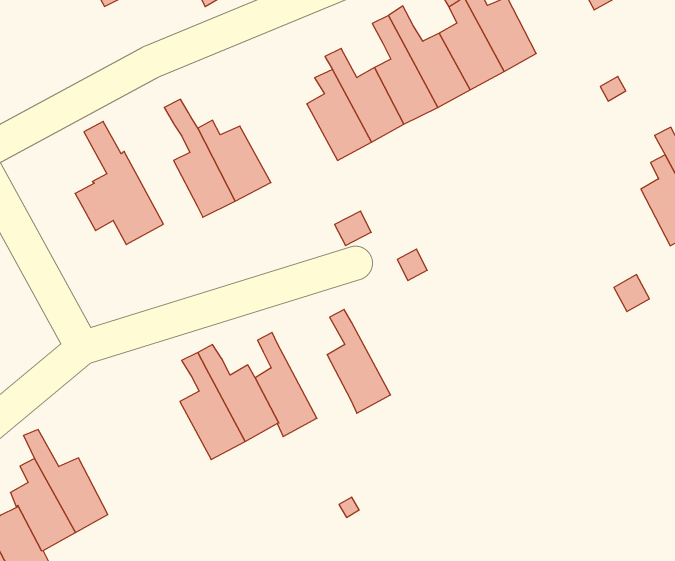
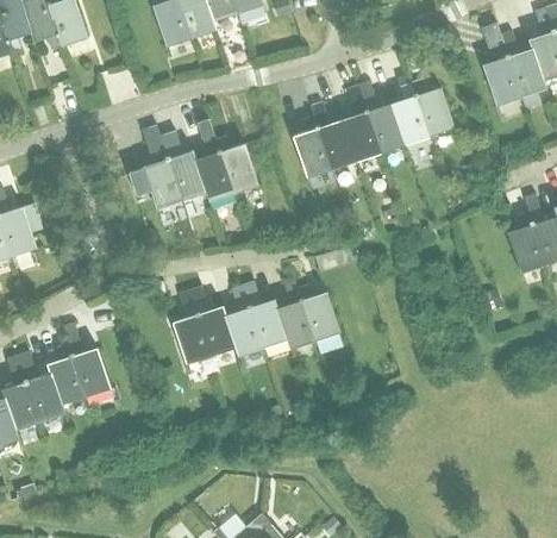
building: none -> [158,132,207,200]
building: none -> [298,284,340,342]
building: none -> [243,282,288,349]

